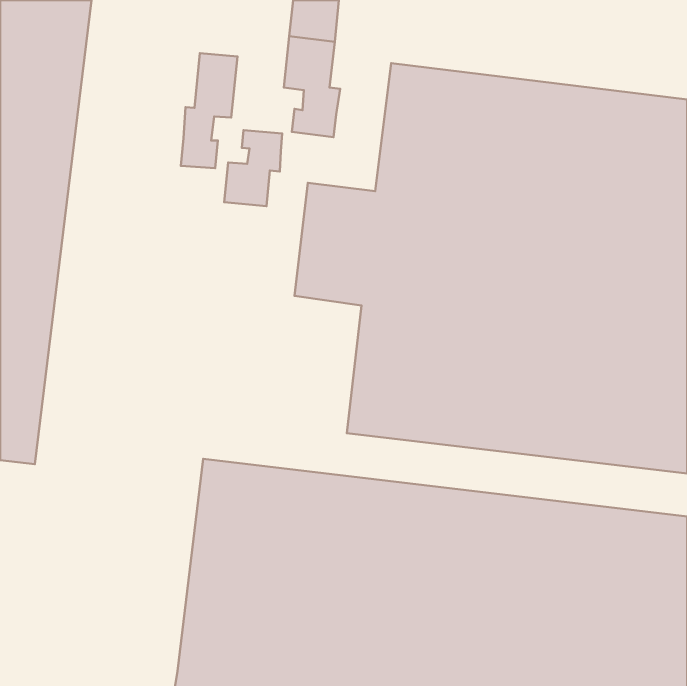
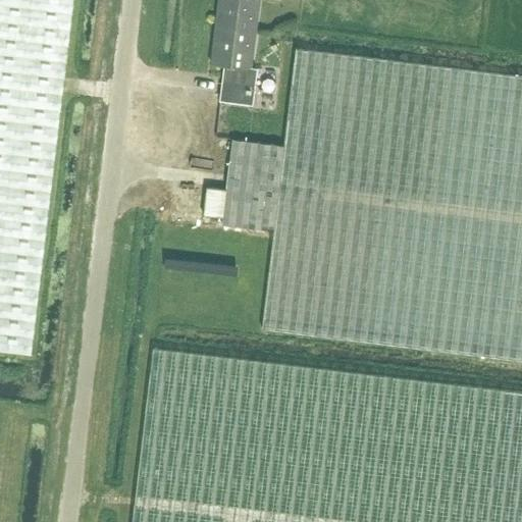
building: [181,53,237,168] -> none
building: [224,130,282,206] -> none

